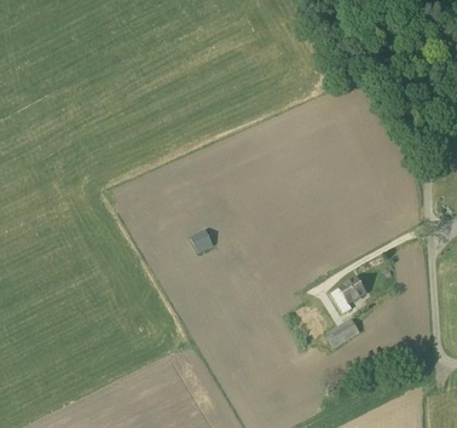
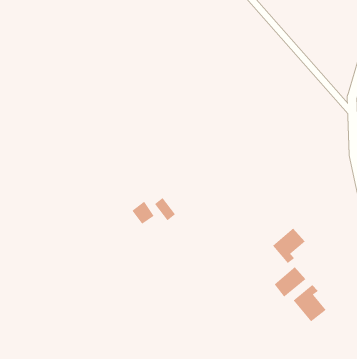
building: none -> [293,284,327,322]

